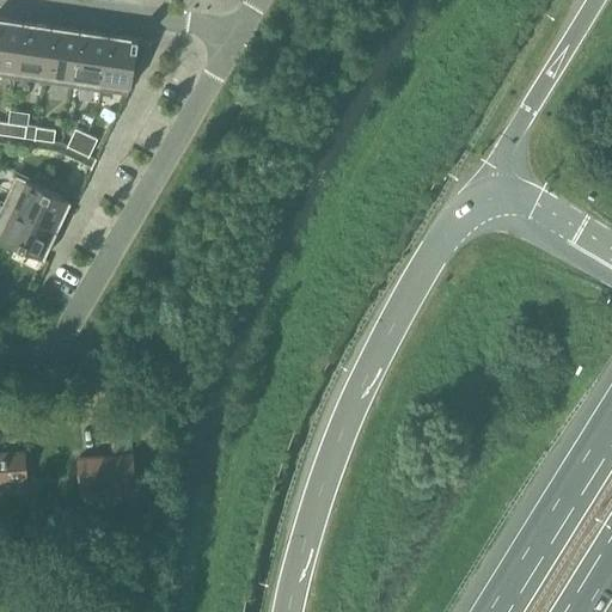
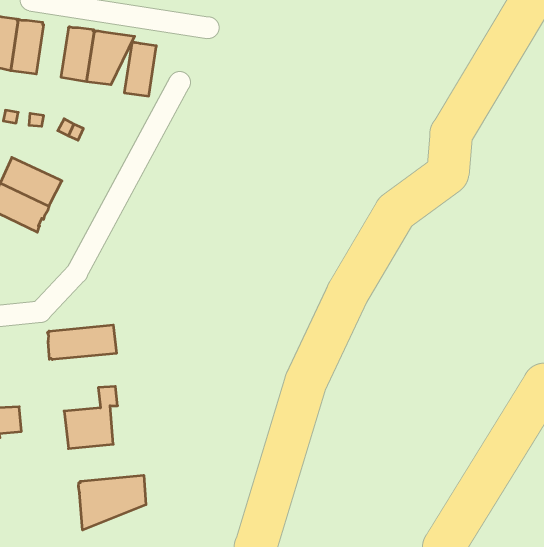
building: [41,26,76,86] -> [124,43,156,96]
building: none -> [48,325,116,360]
building: none -> [79,475,146,530]

